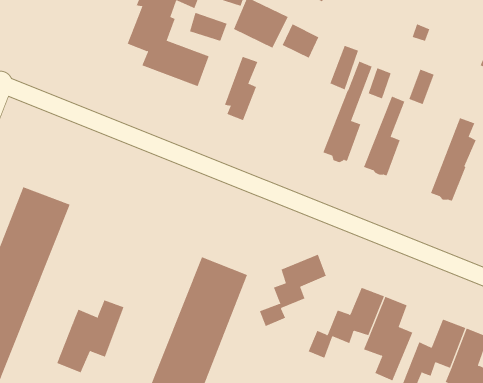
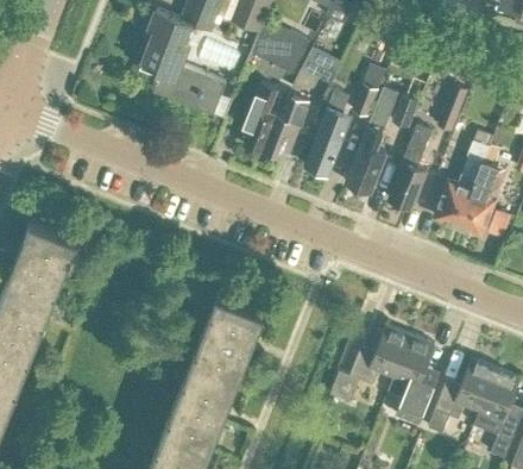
building: none -> [304,90,349,176]
building: none -> [262,96,309,158]
building: none -> [434,140,489,227]
building: [259,254,327,327] -> none
building: [57,300,124,373] -> none

